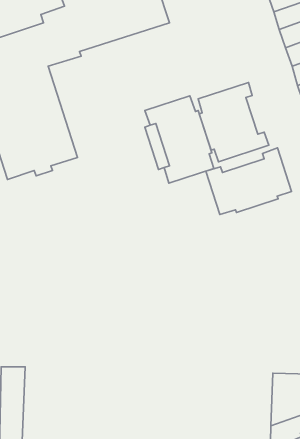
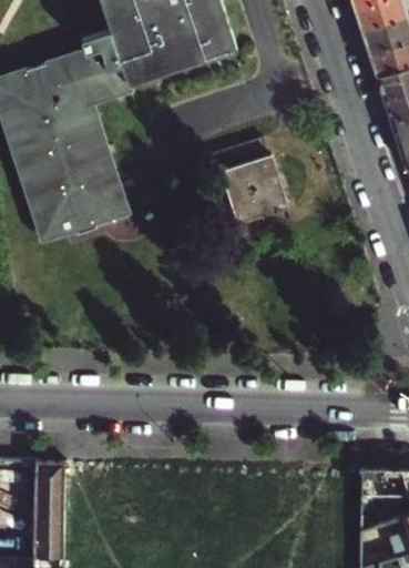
building: [198,82,269,162] -> none
building: [206,148,292,215] -> none

